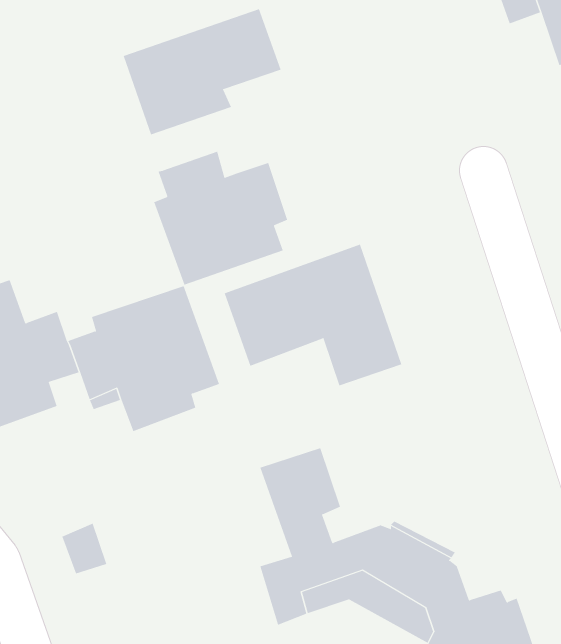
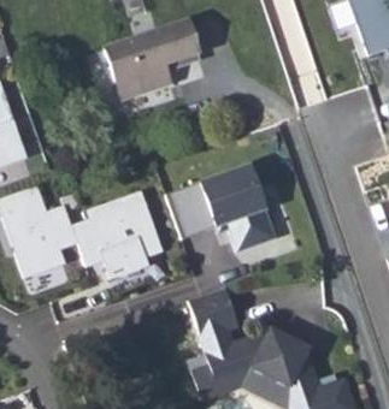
building: [153,151,288,285] -> none

